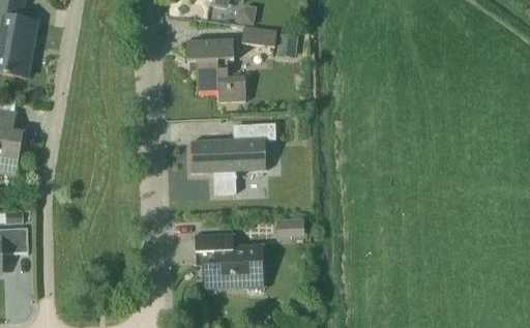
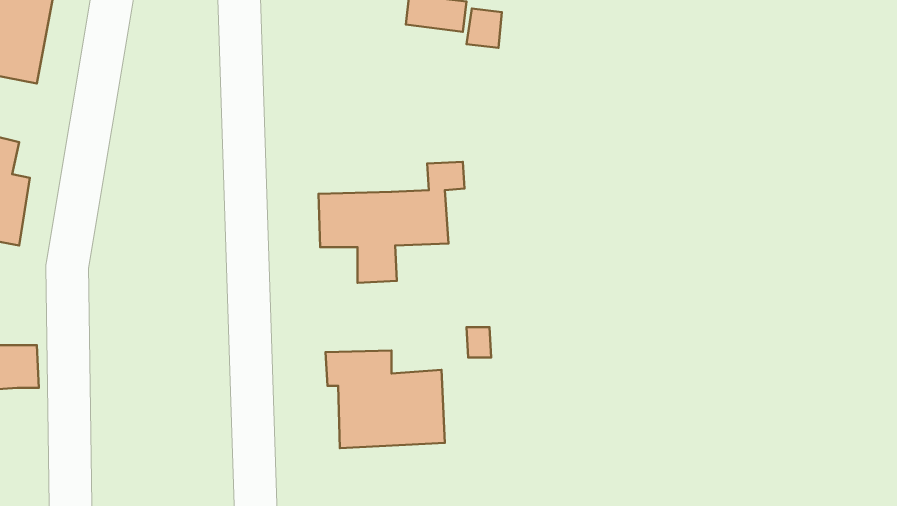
building: [186,39,245,100] -> none

